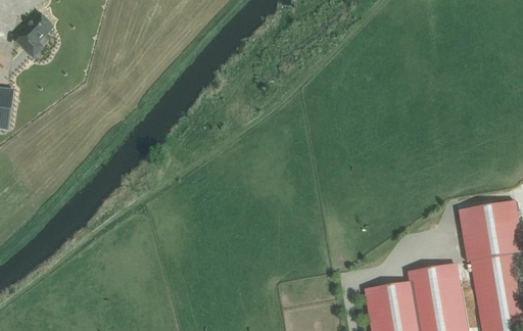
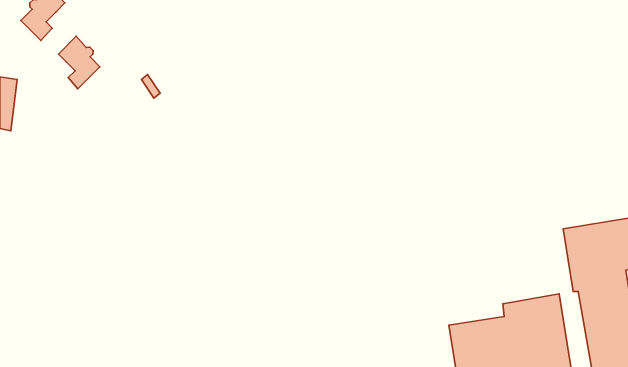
building: none -> [58,36,100,89]

